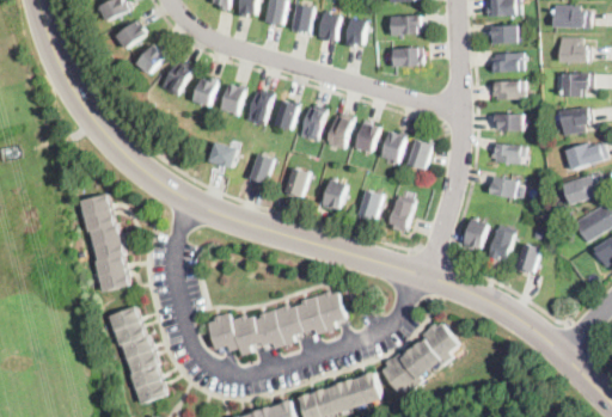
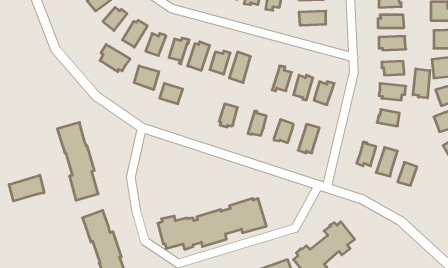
building: none -> [100,44,130,72]
building: [326,112,354,148] -> none
building: none -> [134,66,159,90]
building: none -> [413,69,430,98]
building: [250,151,275,185] -> none
building: none -> [9,175,44,201]

